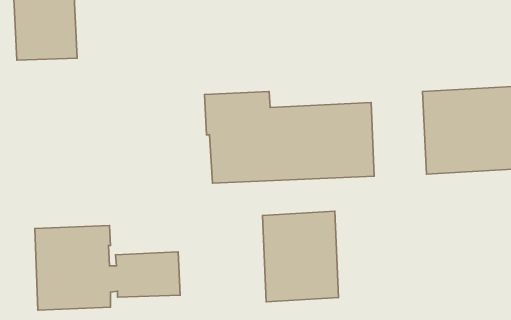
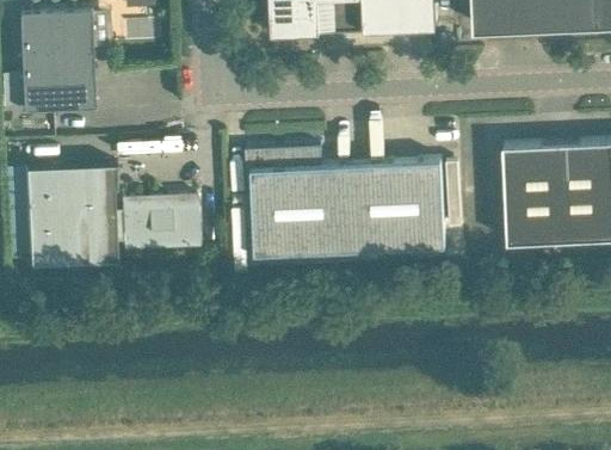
building: [262,211,339,302] -> none
building: [35,225,180,310] -> [27,165,199,265]

